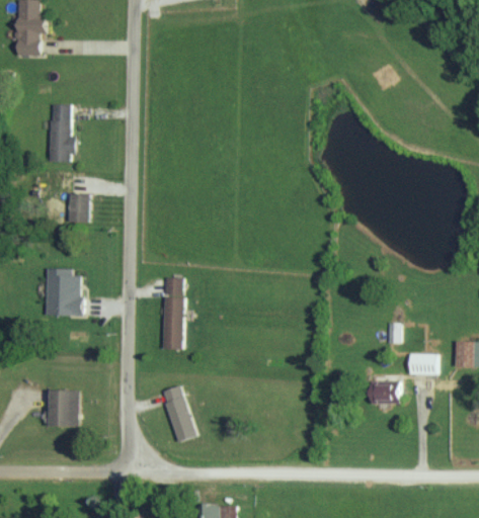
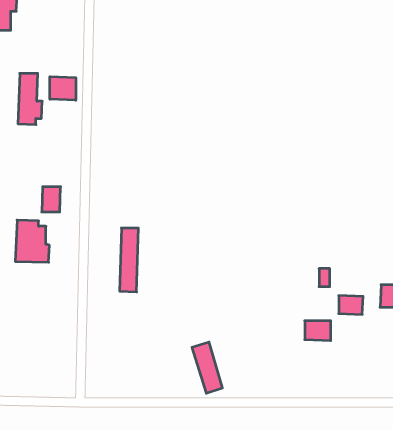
building: none -> [50,77,76,100]
building: [68,193,89,222] -> [42,187,61,212]
building: [161,384,195,442] -> [192,342,222,393]
building: [50,390,78,426] -> none

